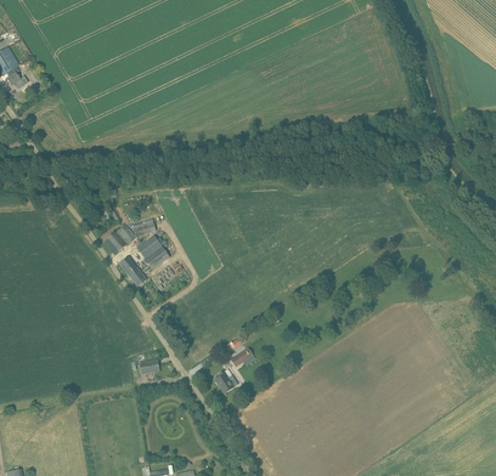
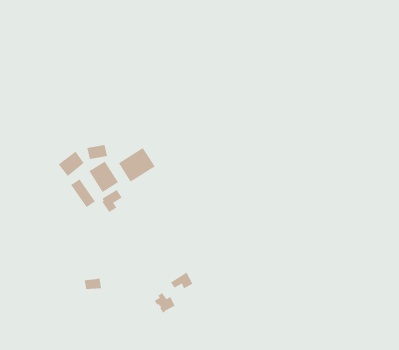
building: none -> [118,147,155,183]

